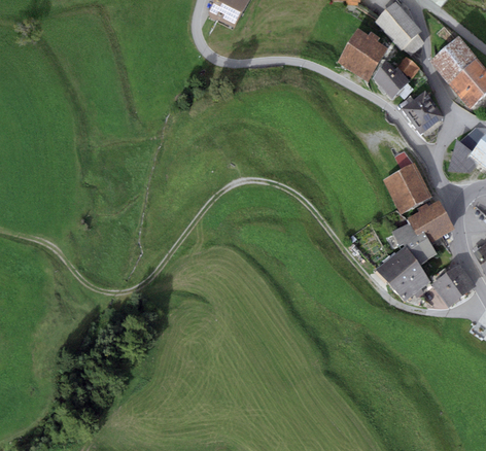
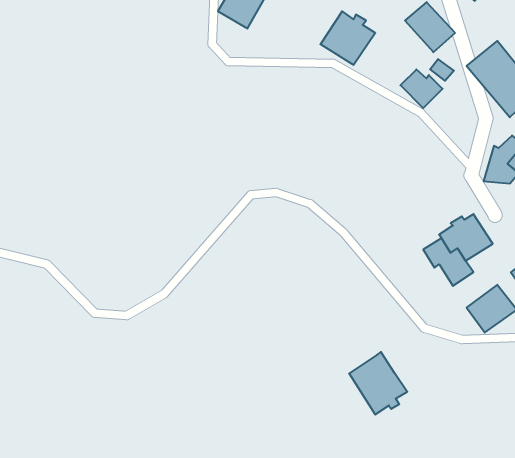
building: [339,33,388,81] -> [320,11,375,65]
building: [403,95,444,137] -> none
building: [382,160,432,211] -> none
building: [378,243,430,300] -> [349,352,407,415]

